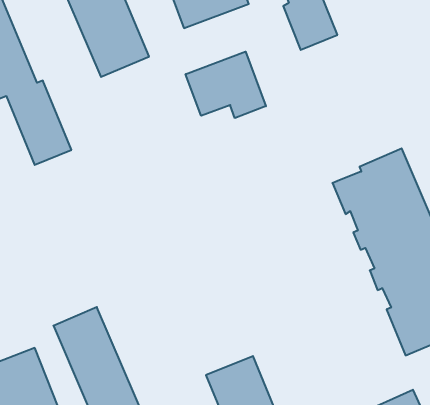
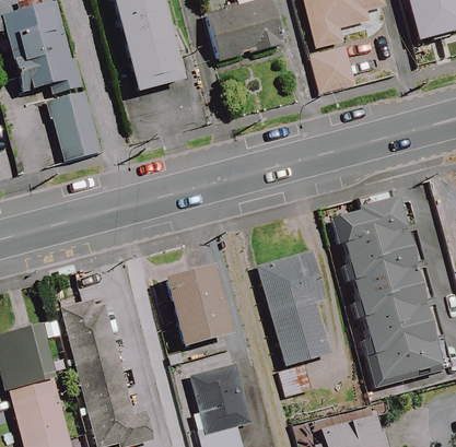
building: [186,52,266,118] -> none
building: none -> [258,252,331,365]
building: none -> [167,266,234,345]

